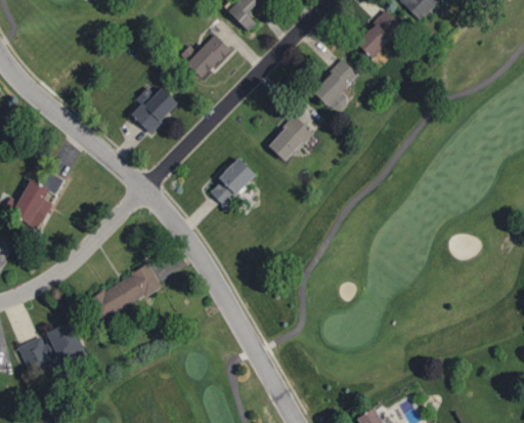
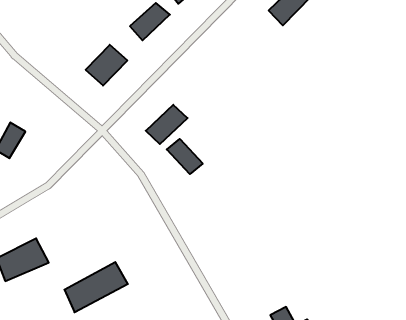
building: [310,58,360,107] -> none
building: [267,113,315,163] -> none
building: none -> [167,139,203,174]
building: [88,262,166,324] -> [64,262,128,312]

